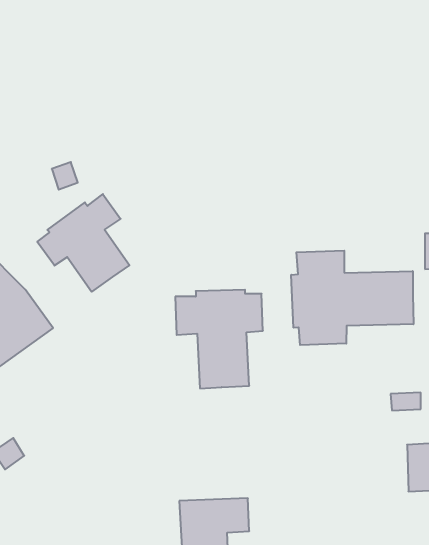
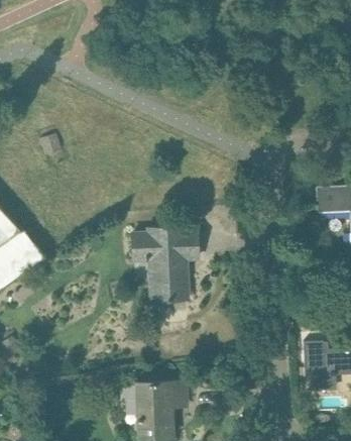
building: [37,194,129,292] -> none
building: [291,251,413,345] -> none

